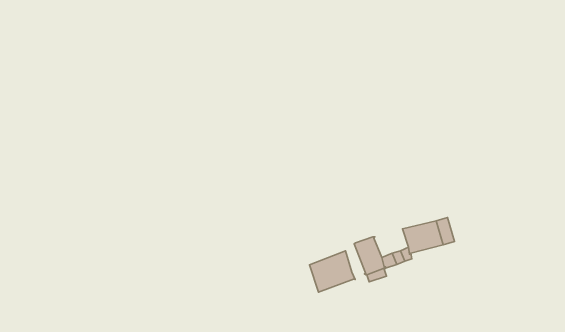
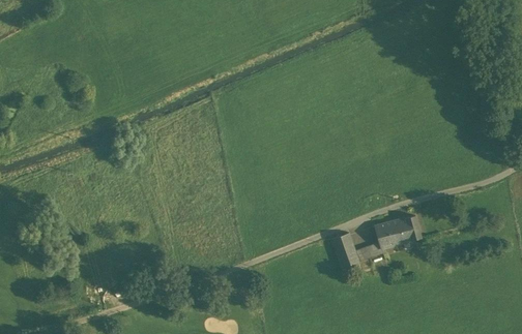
building: [309,251,355,292] -> none

